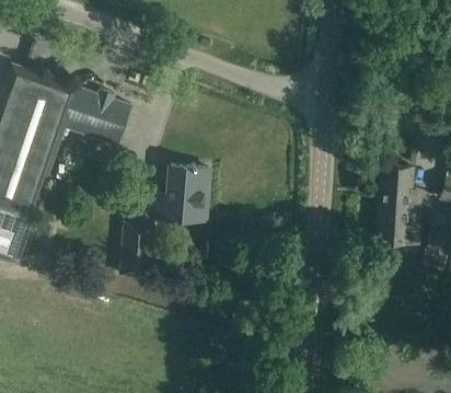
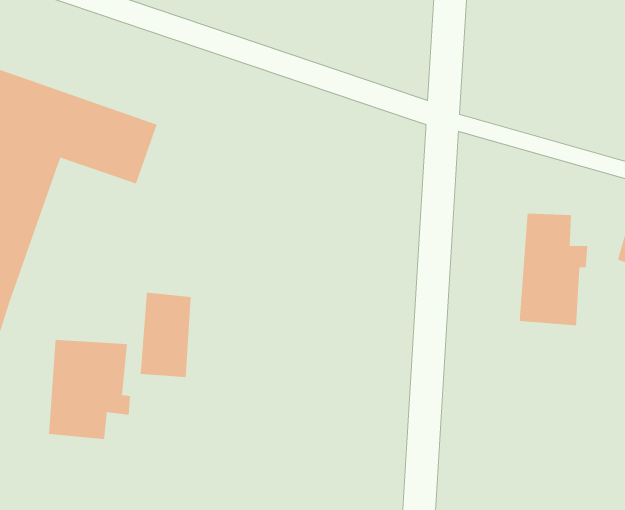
building: [151,164,207,219] -> none
building: none -> [49,339,131,440]

